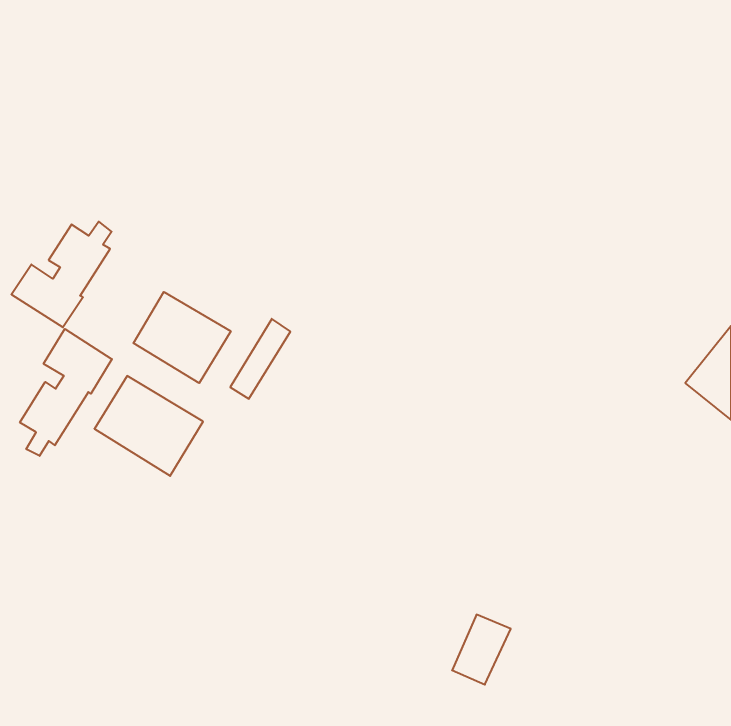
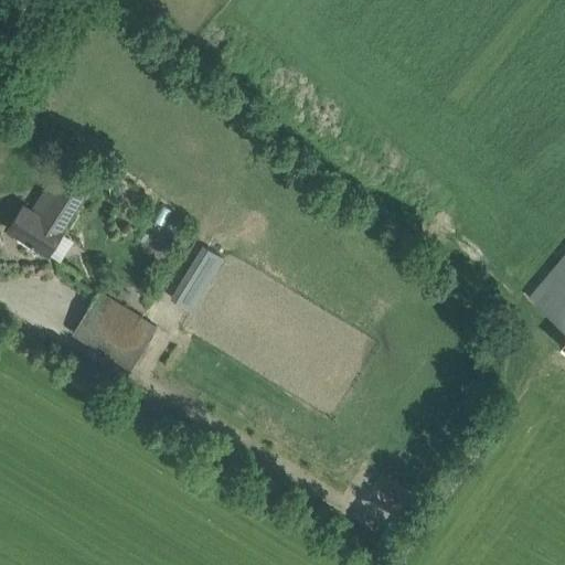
building: [133,292,231,383] -> none
building: [20,329,112,456] -> none

